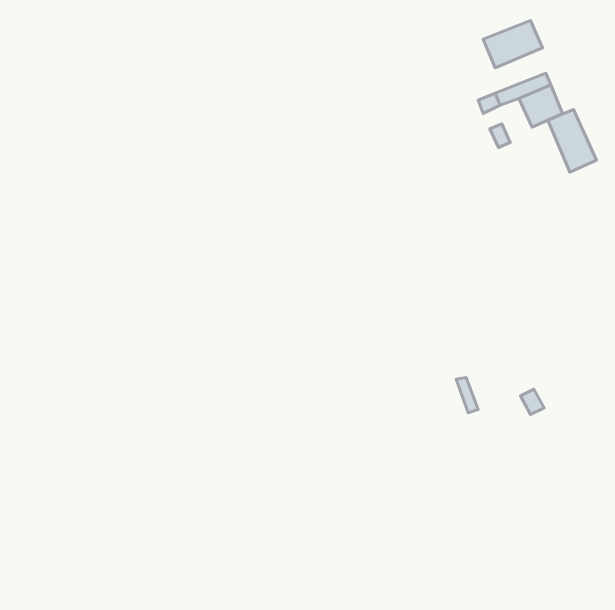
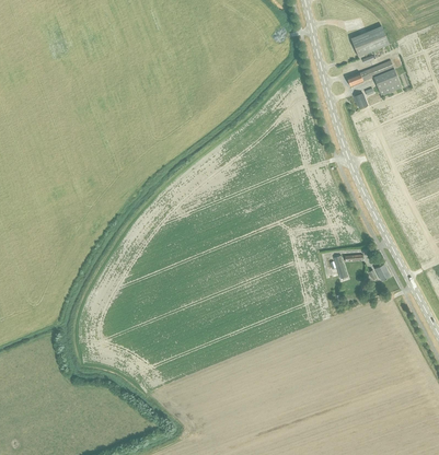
building: [548,110,597,172] -> none

